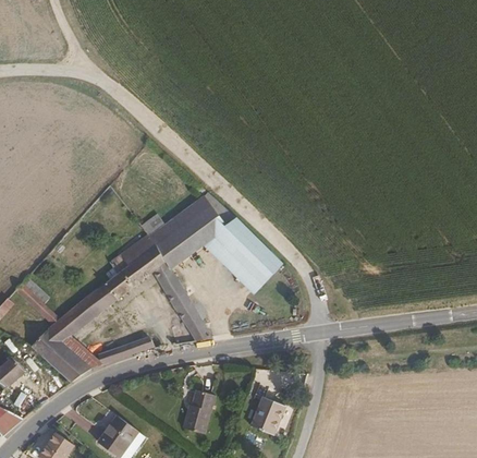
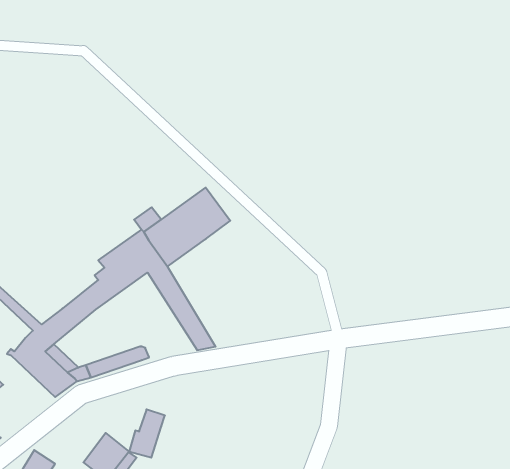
building: [204,219,282,293] -> none
building: [184,390,216,433] -> [129,409,165,458]
building: [252,398,286,436] -> none

